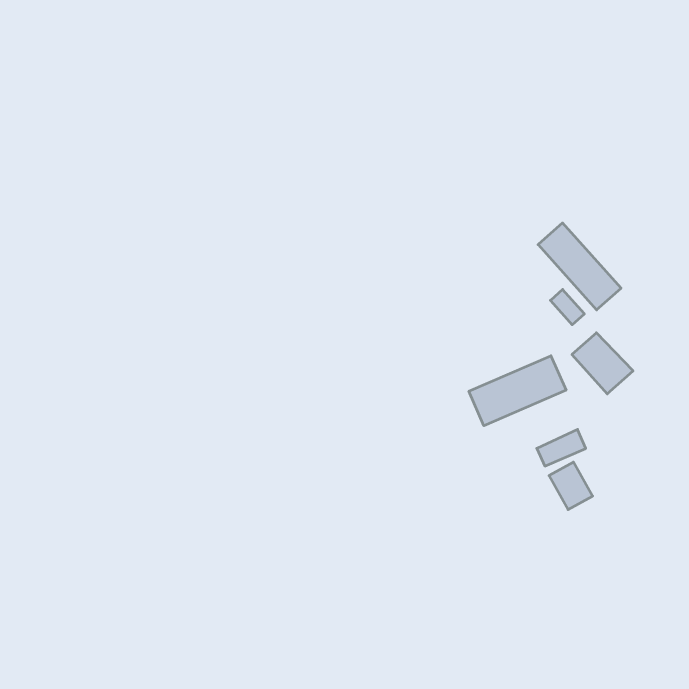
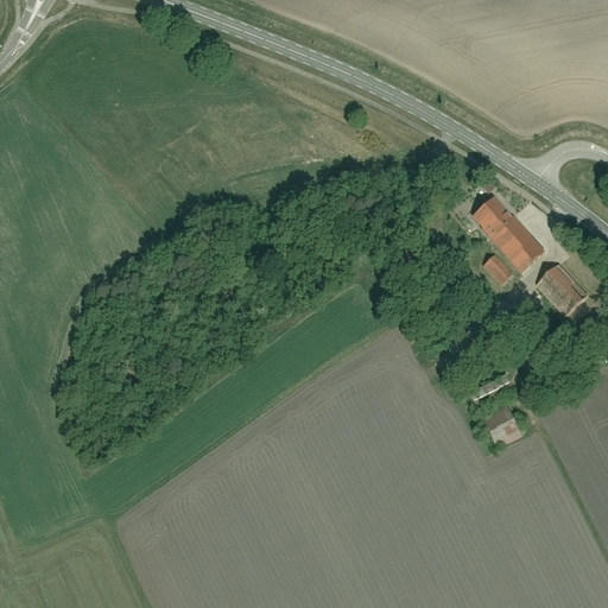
building: [572,333,633,394] -> [534,265,588,318]
building: [469,356,566,426] -> none

